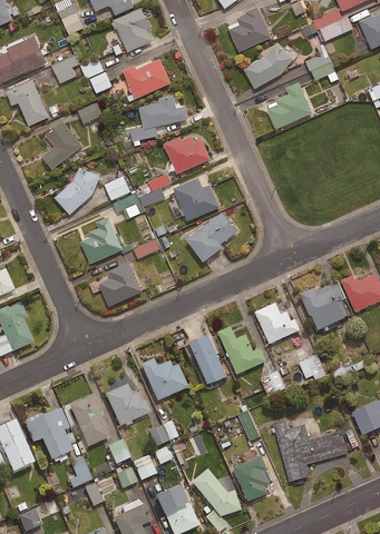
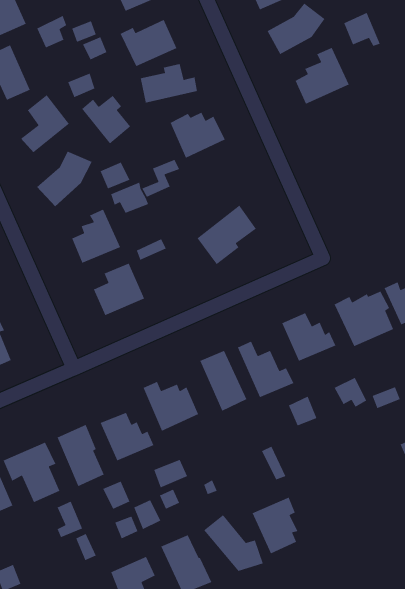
building: none -> [81,95,131,144]
building: [173,178,220,221] -> none
building: [275,421,350,481] -> none

